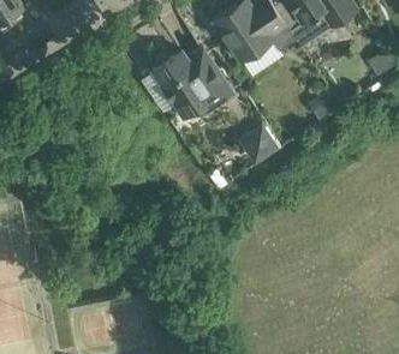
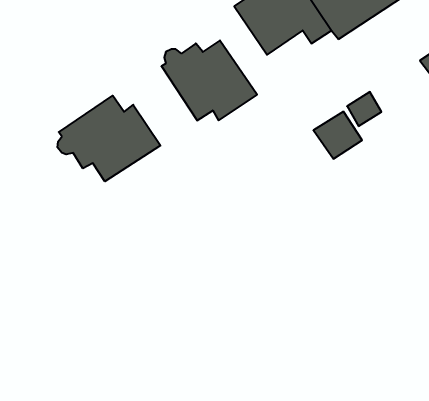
building: none -> [58,96,160,181]
building: [236,124,276,163] -> [313,112,362,159]

